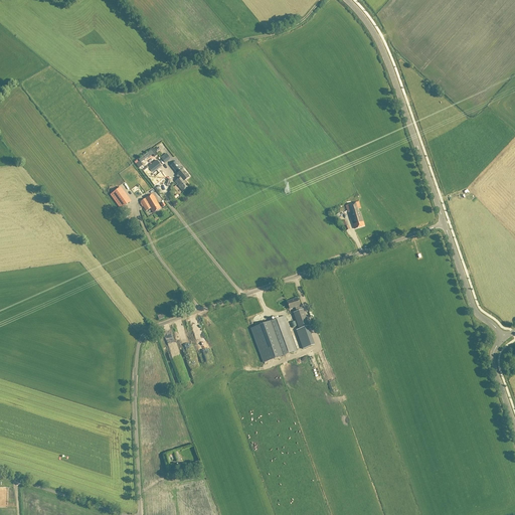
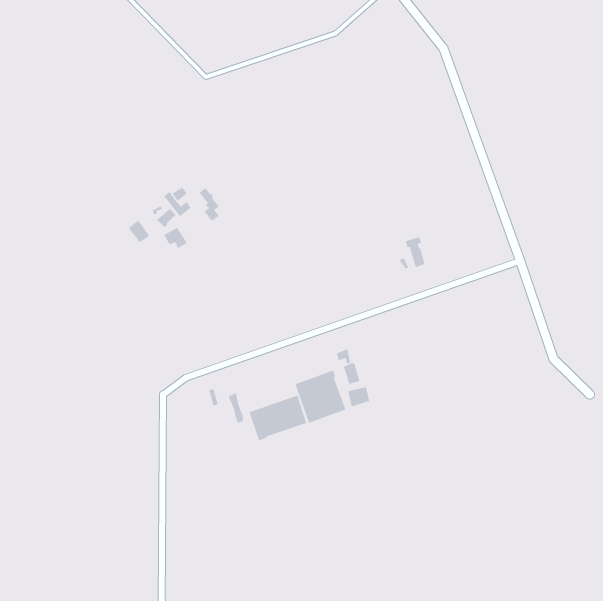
building: none -> [248,394,307,441]

